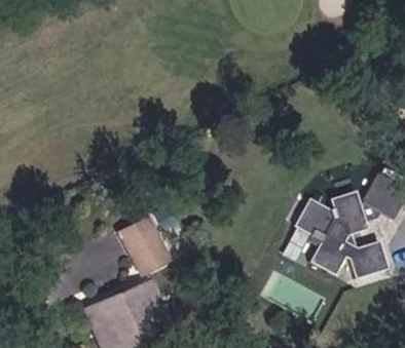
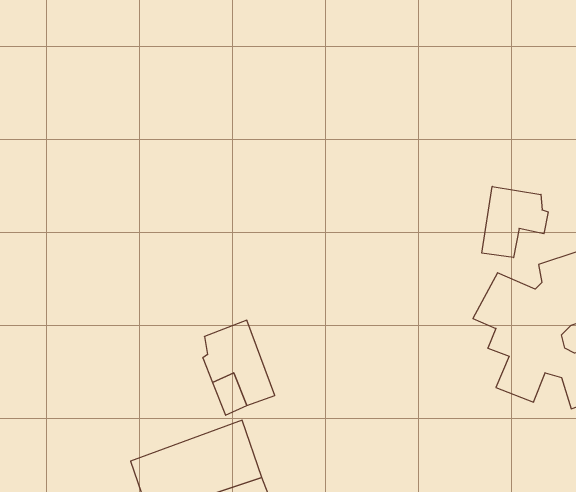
building: none -> [482,186,548,258]

